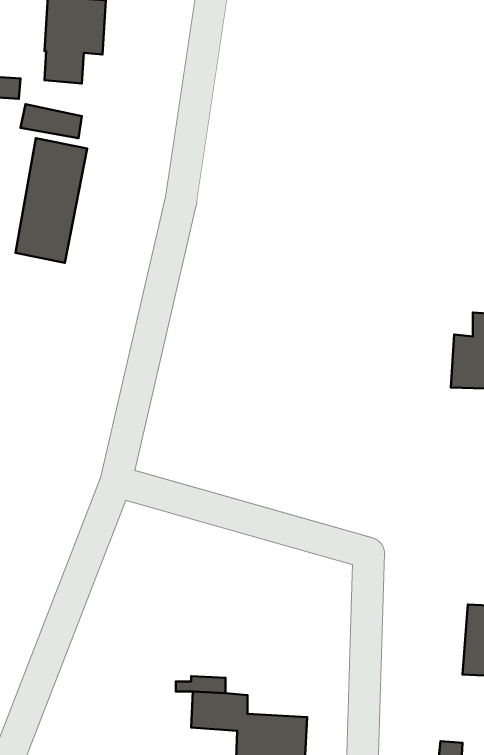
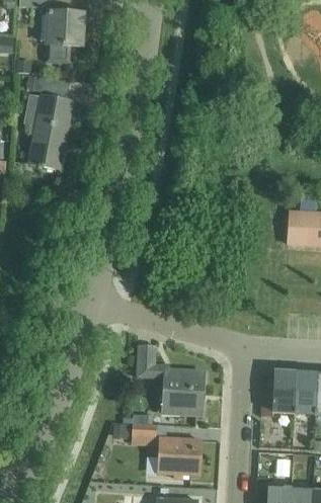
building: none -> [137,343,205,413]
building: none -> [261,370,297,416]

